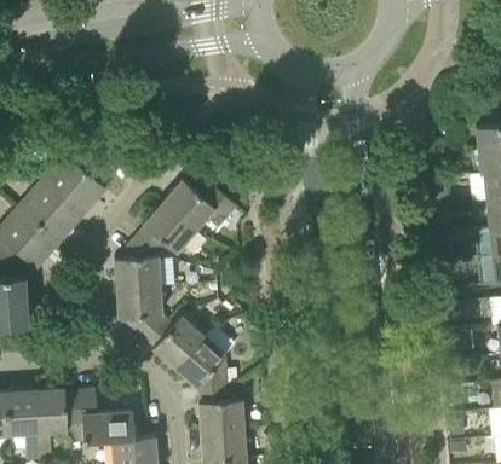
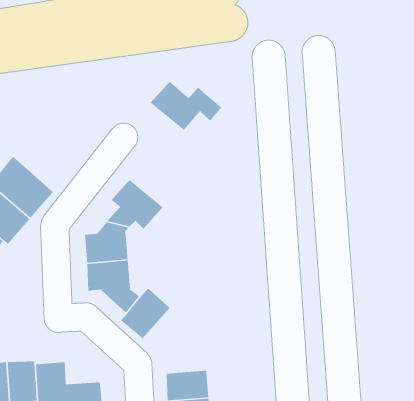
building: [41,152,106,215] -> none
building: [162,179,237,231] -> [150,81,222,131]
building: [175,335,229,402] -> none

